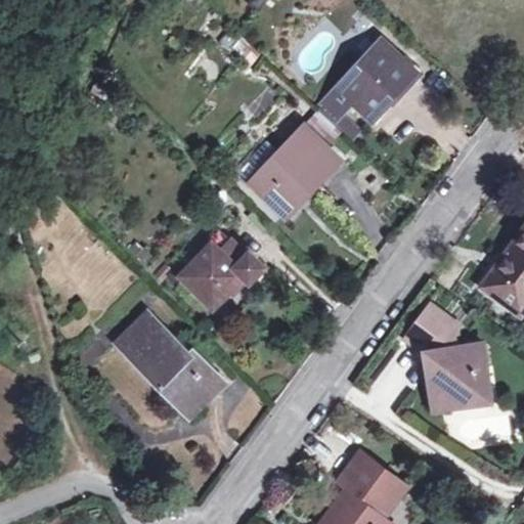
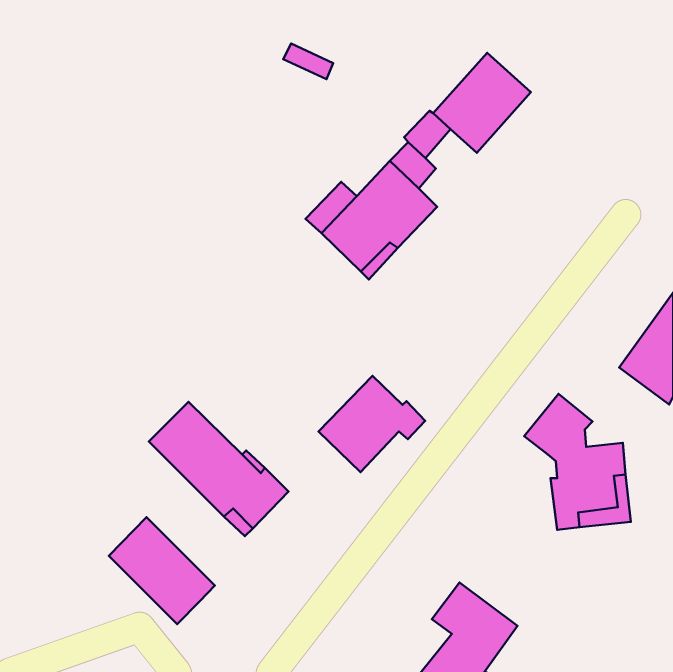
building: [180,233,263,308] -> [318,376,425,472]
building: none -> [109,517,215,624]

